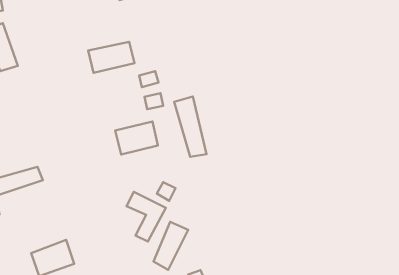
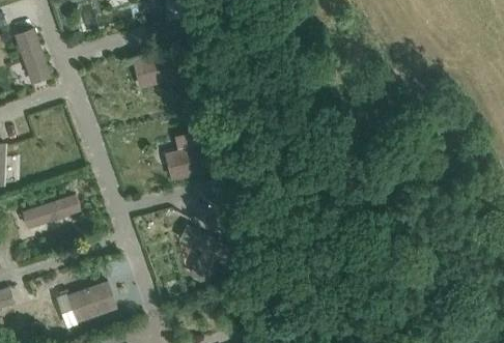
building: [174,96,207,157] -> none
building: [153,222,188,270] -> none

